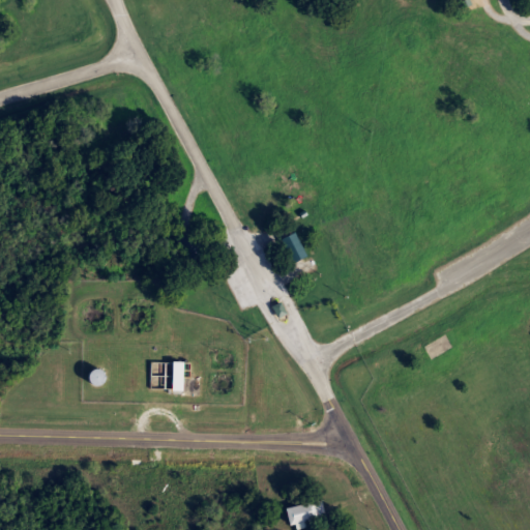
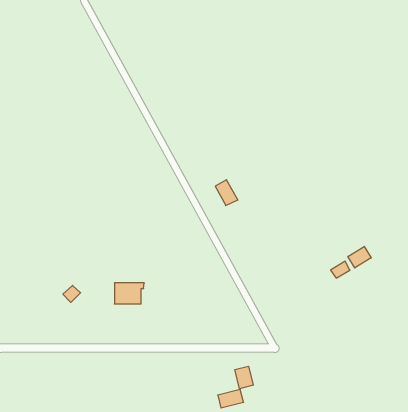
building: none -> [348,246,371,268]
building: none -> [235,366,253,389]

